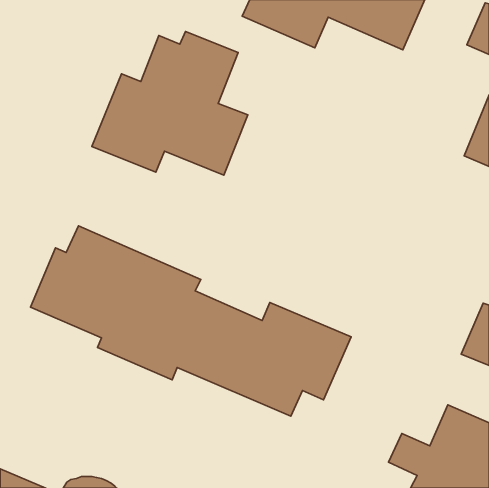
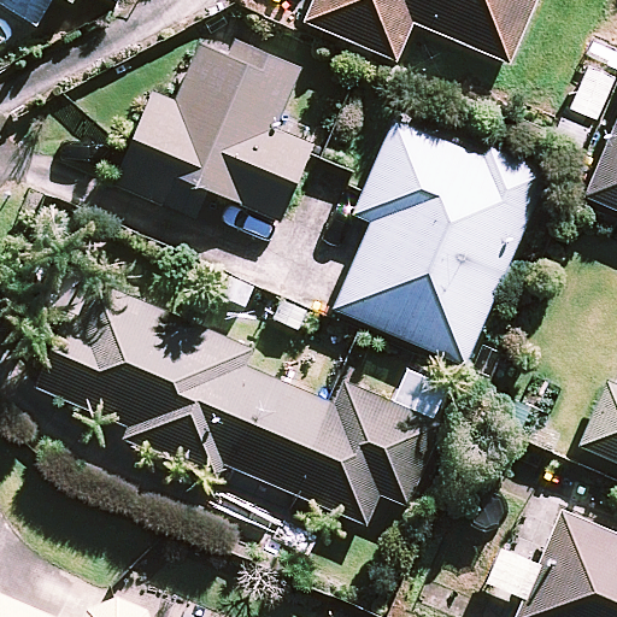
building: none -> [335,117,542,363]

